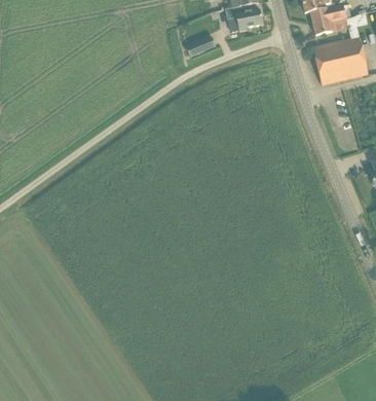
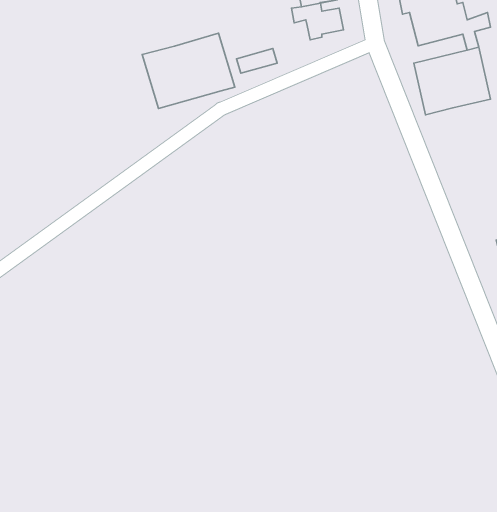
building: none -> [142,33,235,108]

